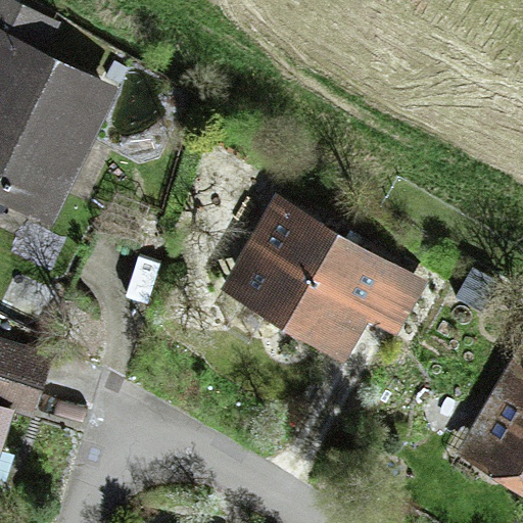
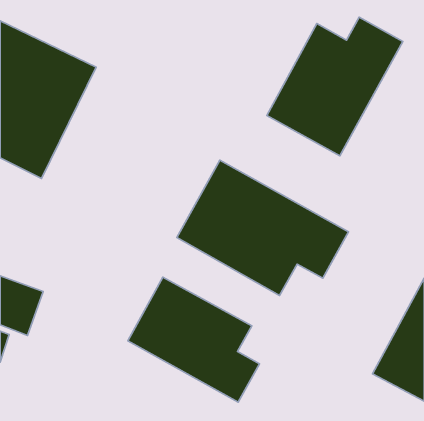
building: none -> [267,17,403,156]
building: none -> [128,277,260,402]

